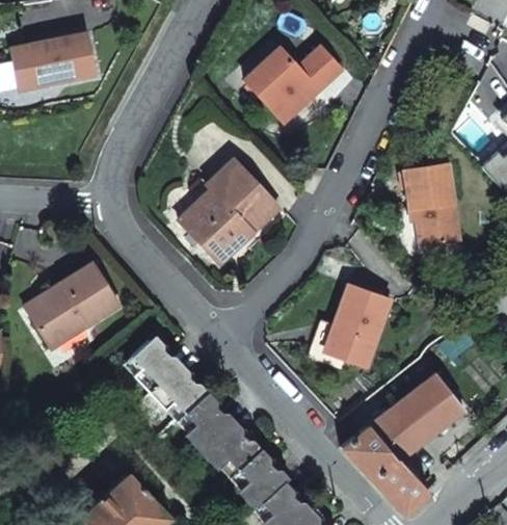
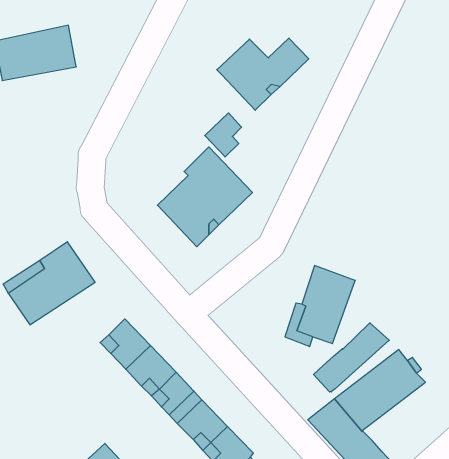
building: none -> [205,113,242,157]
building: [402,158,459,242] -> none
building: none -> [314,323,389,392]

